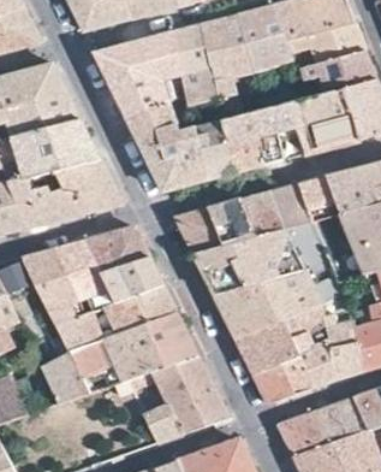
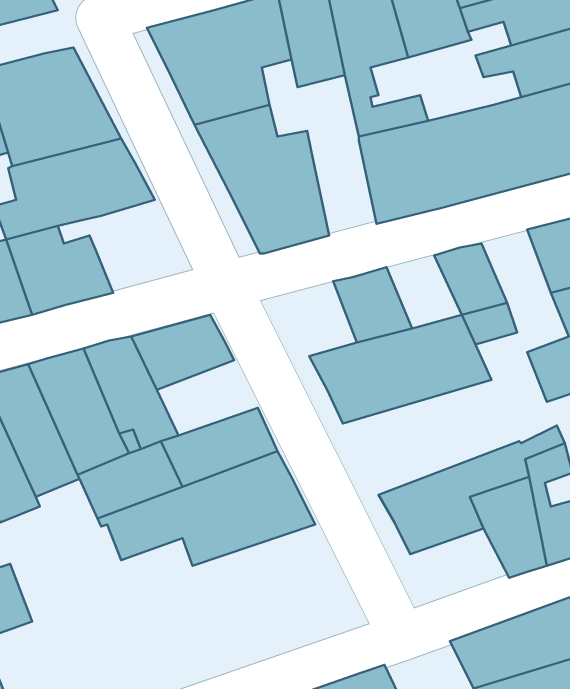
building: [195,120,234,178] -> none
building: [64,157,123,213] -> none
building: [298,175,340,219] -> none
building: [240,190,286,235] -> none
building: [175,206,222,252] -> none
building: [101,254,162,300] -> none
building: [214,266,321,336] -> none
building: [41,354,87,402] -> none
building: [114,354,228,442] -> none
building: [255,356,315,402] -> none

